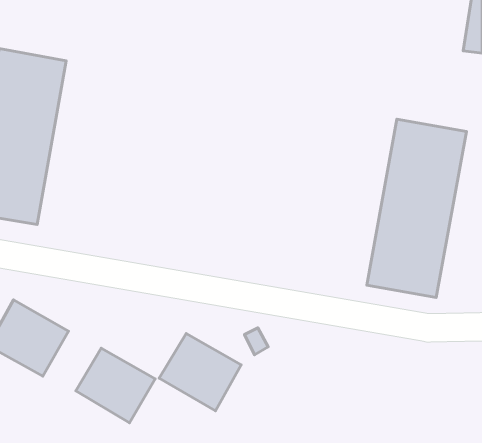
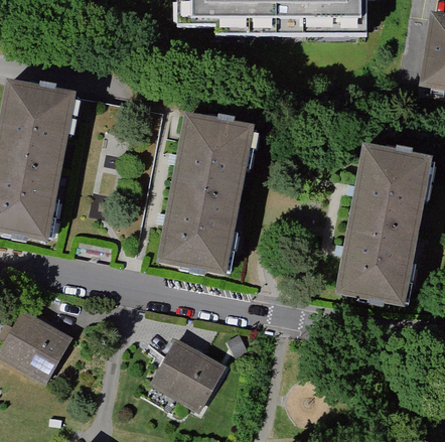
building: none -> [160,118,247,277]
building: [76,348,155,423] -> none

